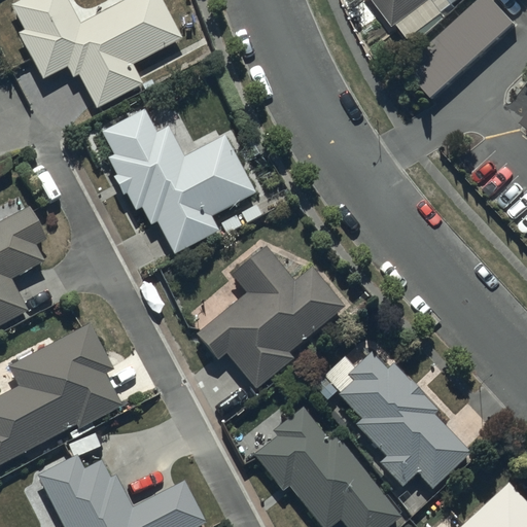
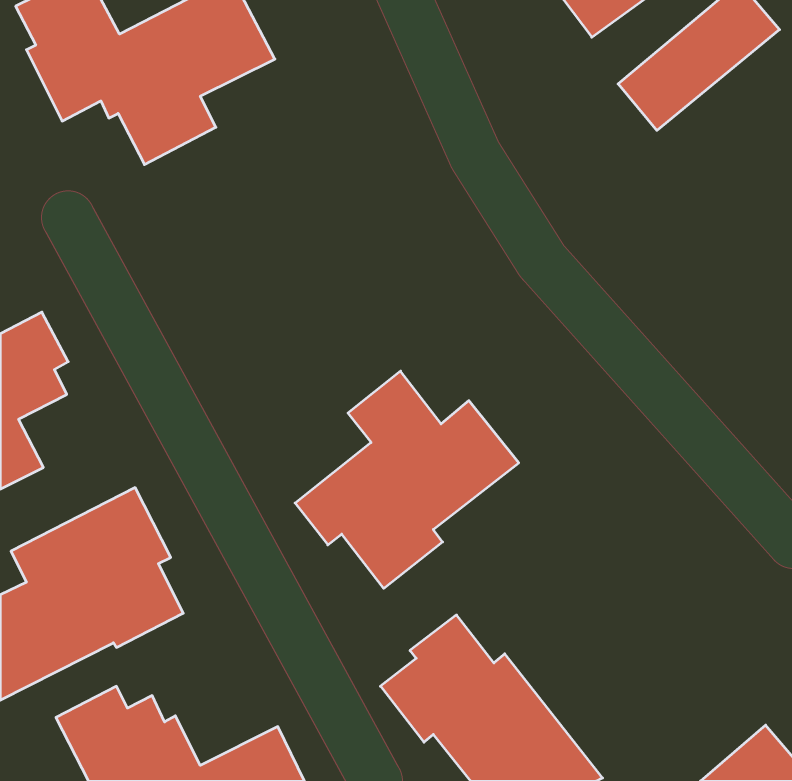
building: [102,109,256,255] -> none
building: [313,352,469,489] -> none

